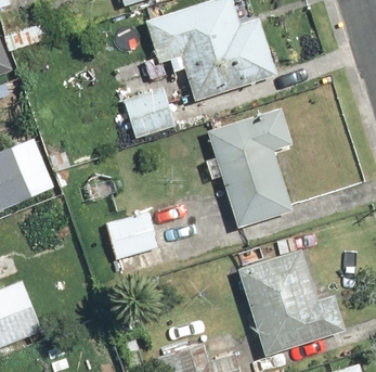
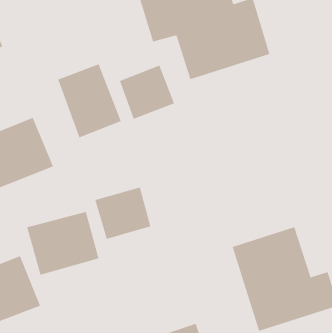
building: none -> [57,63,121,138]
building: [206,106,294,230] -> none
building: none -> [26,211,99,275]

